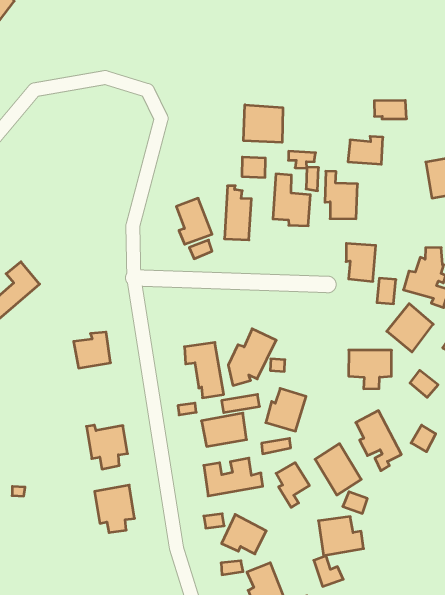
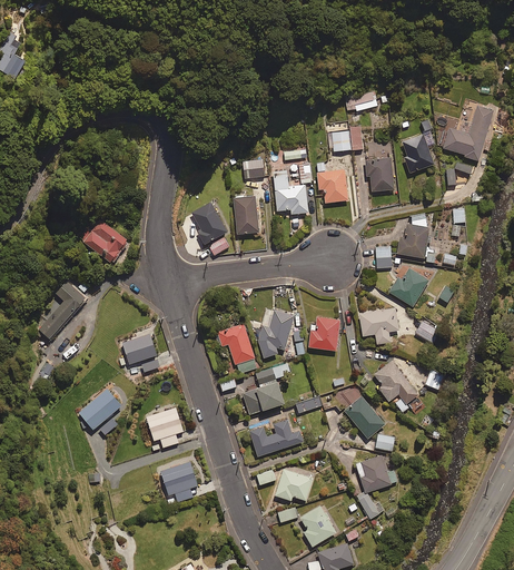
building: [244,105,283,142] -> none
building: none -> [80,218,127,262]
building: [346,243,376,281] -> [365,158,393,190]
building: [266,388,306,431] -> [308,316,339,351]
building: none -> [80,390,125,435]
building: [276,463,309,507] -> none

